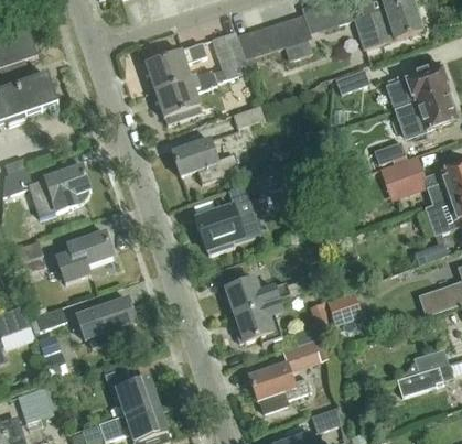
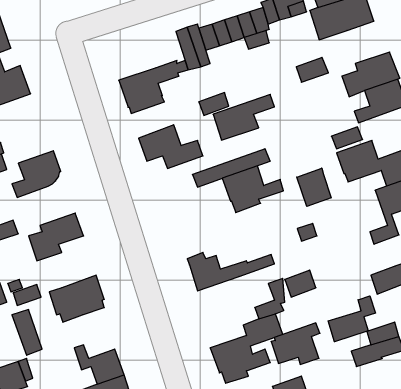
building: [142,42,207,90] -> [213,94,274,140]
building: none -> [297,168,331,206]
building: [194,205,259,255] -> [222,166,283,213]
building: [232,299,283,343] -> [271,323,320,364]
building: none -> [328,296,376,342]

